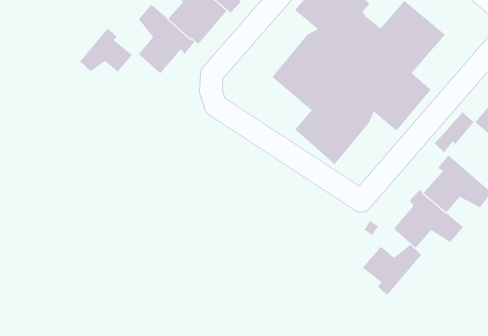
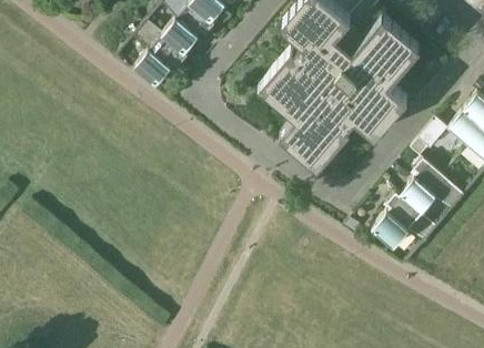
building: [79,28,132,72] -> none
building: [363,244,422,296] -> none

